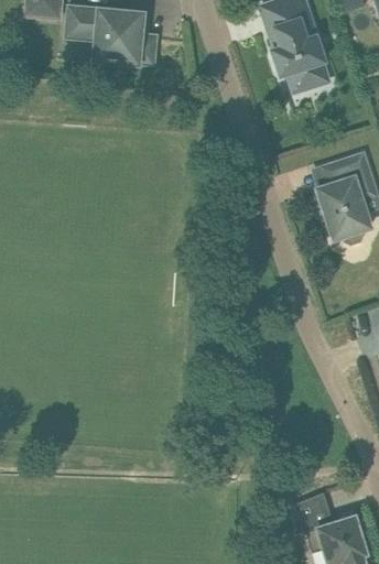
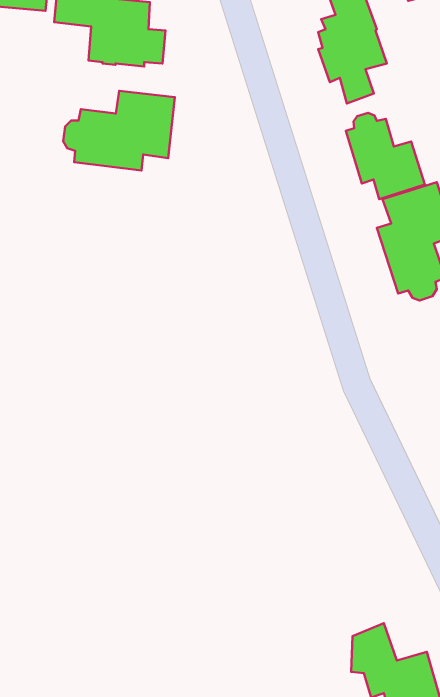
building: none -> [63,91,175,170]
building: none -> [346,113,425,199]

